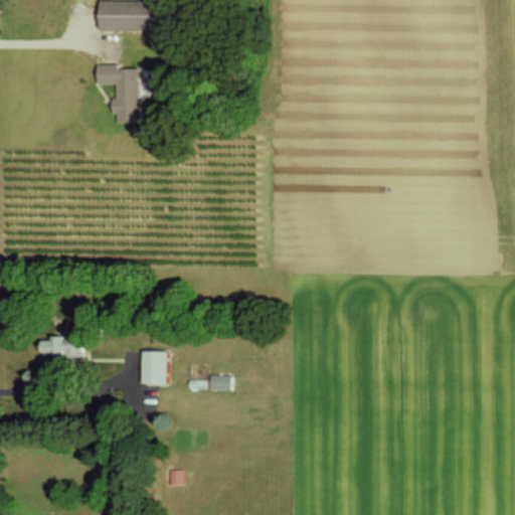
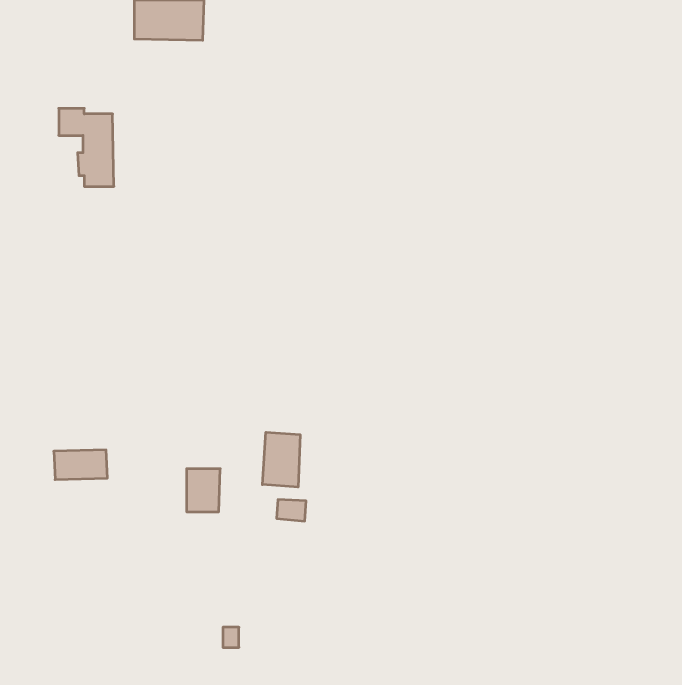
building: [99,64,140,123] -> [59,108,114,186]
building: none -> [262,432,300,487]

